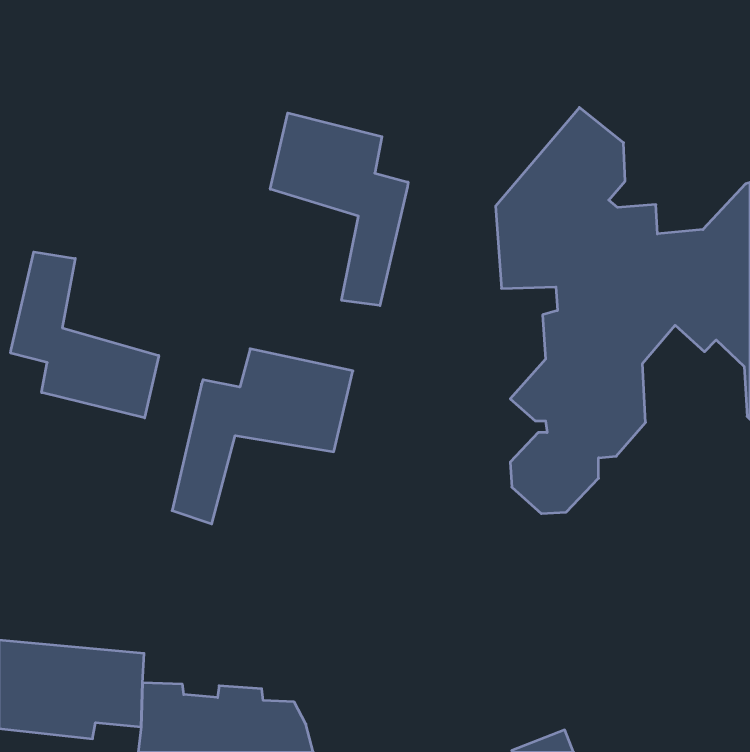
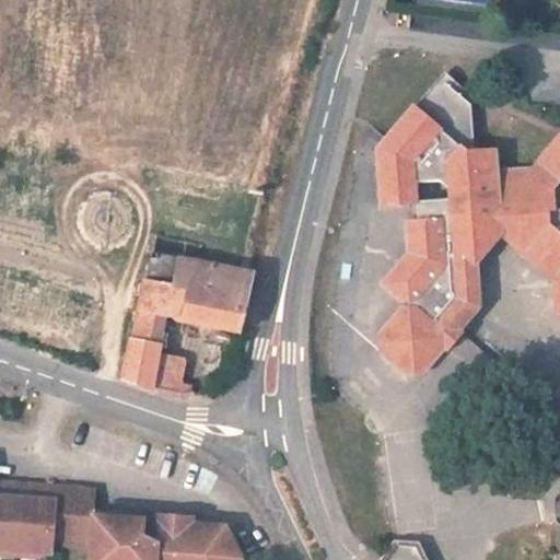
building: [270,113,408,306] -> none
building: [11,252,159,418] -> none

